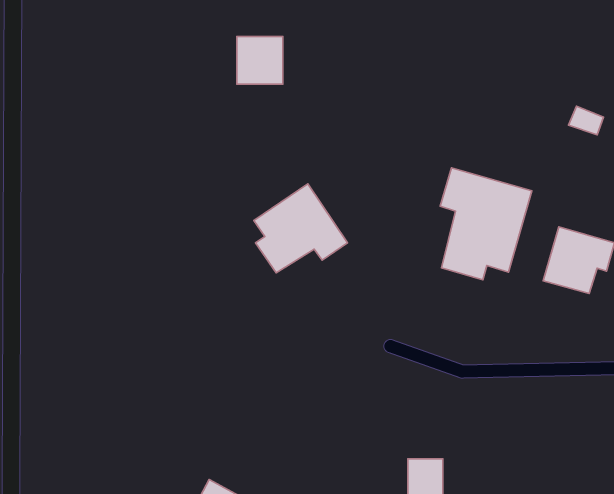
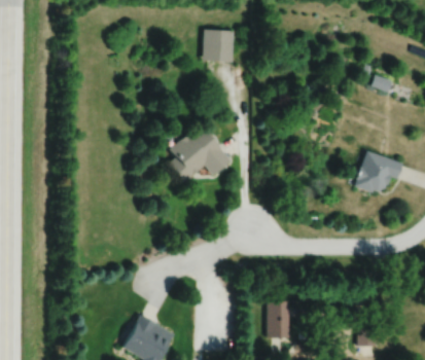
building: [237,36,283,84] -> [204,30,234,61]
building: [440,168,532,280] -> none

